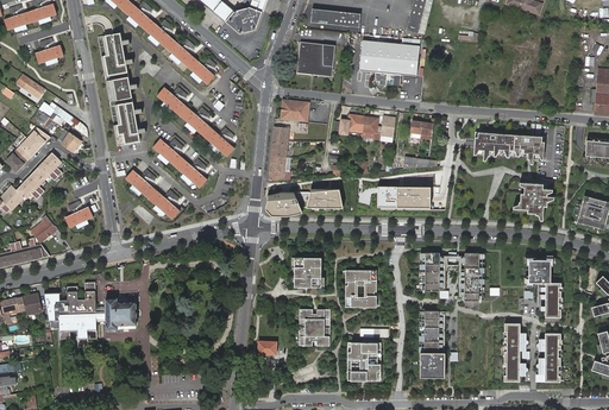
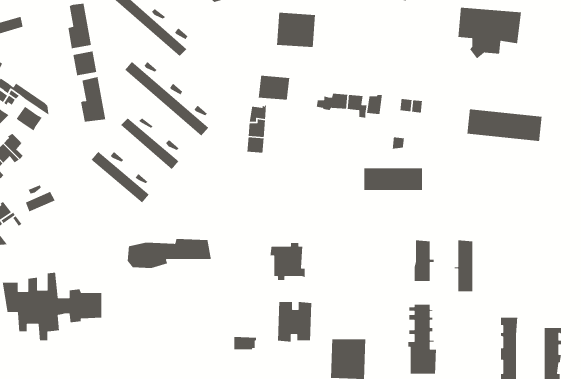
building: [359,42,419,90] -> [457,7,522,60]
building: [511,182,553,221] -> none
building: [265,188,344,216] -> [127,238,212,269]
building: [528,259,560,317] -> none
building: [344,270,376,308] -> none

